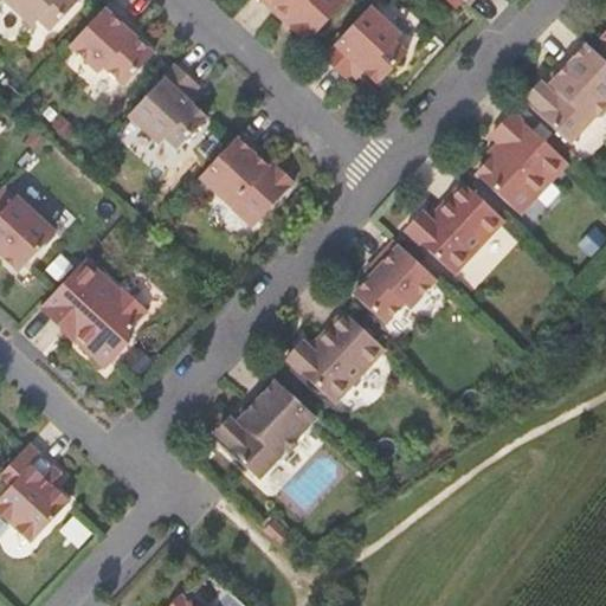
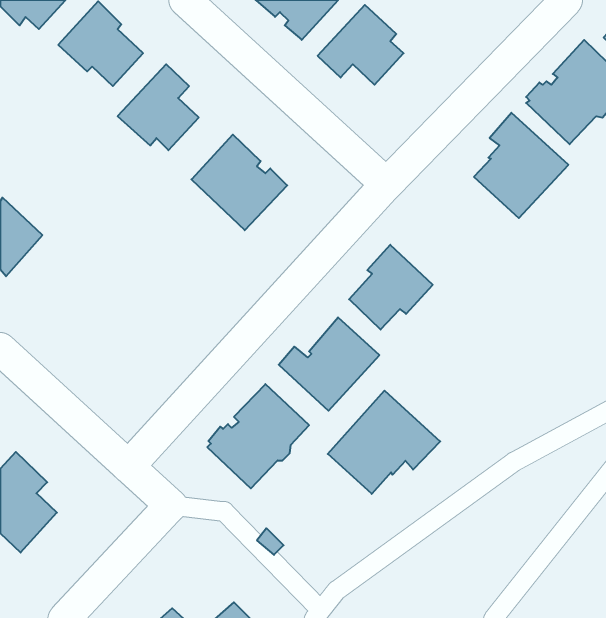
building: [406,182,503,272] -> none
building: [40,264,142,373] -> none
building: none -> [328,391,440,494]

